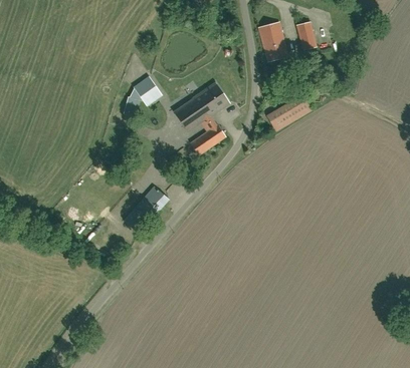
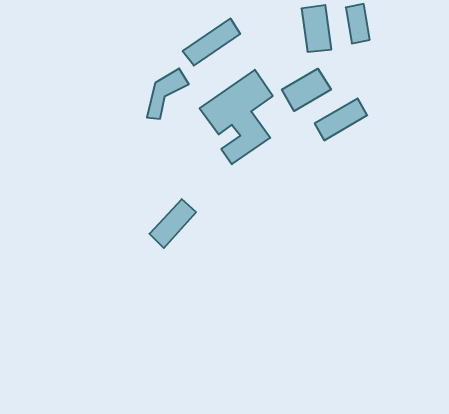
building: none -> [183,18,240,66]
building: none -> [282,69,331,111]

